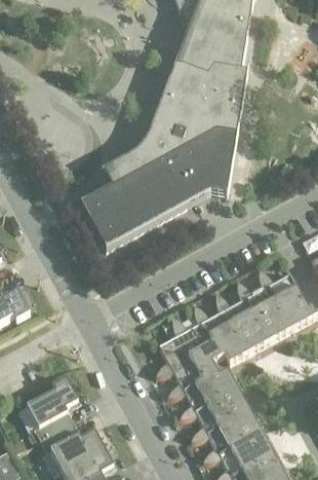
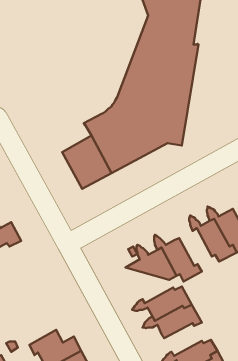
building: [214,294,273,350] -> none
building: [155,345,216,390] -> none
building: [26,378,77,441] -> none
building: [191,413,263,454] -> none

